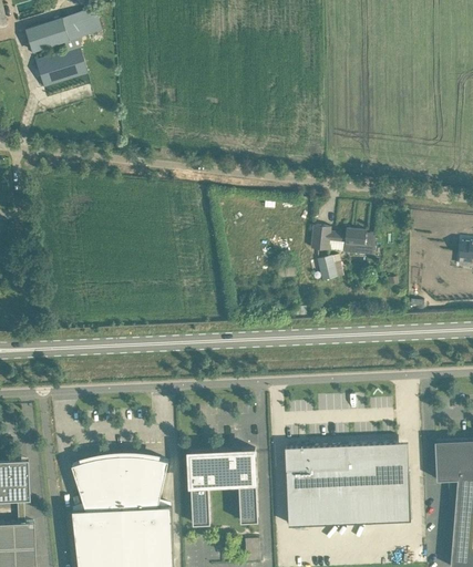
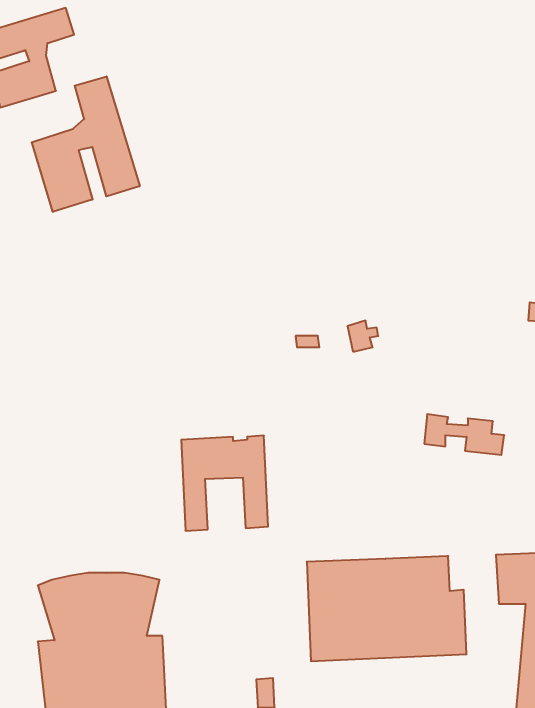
building: none -> [32,76,140,212]
building: [311,226,374,258] -> [424,414,504,455]
building: [189,450,258,525] -> [181,436,268,531]

